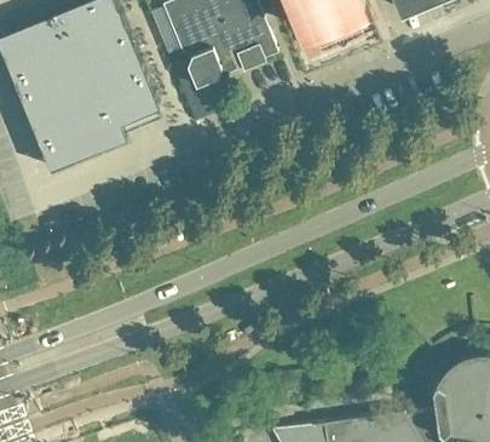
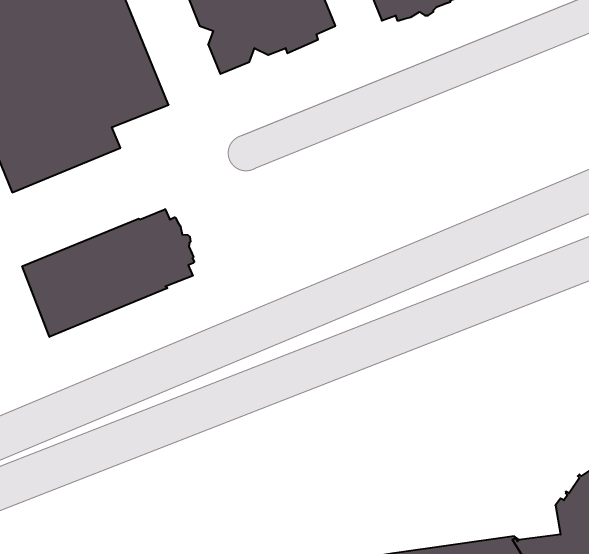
building: none -> [22,209,194,337]

